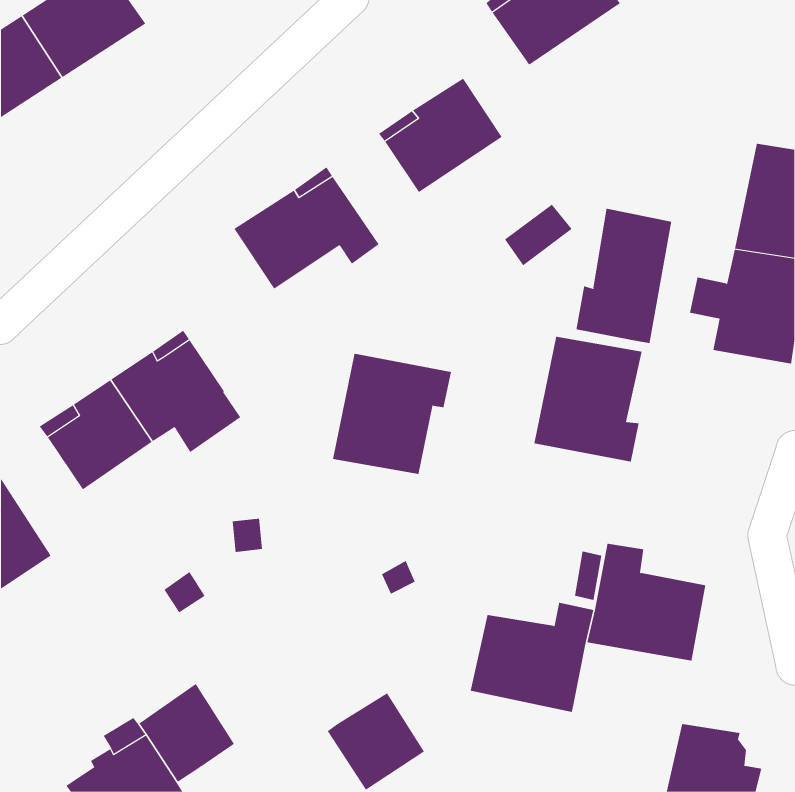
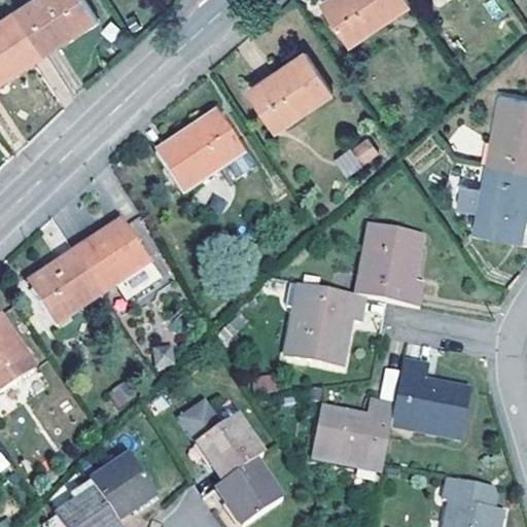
building: [576,208,672,344] -> none
building: [332,353,452,475] -> [284,283,363,363]
building: none -> [183,396,265,479]

